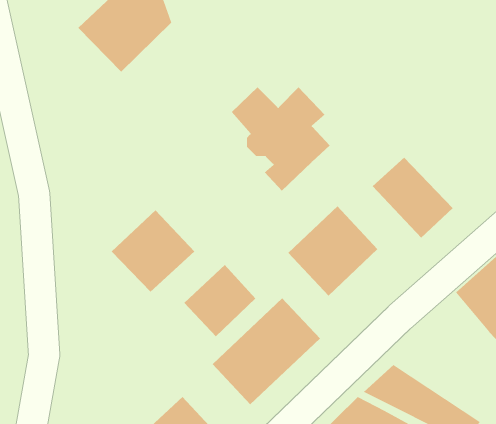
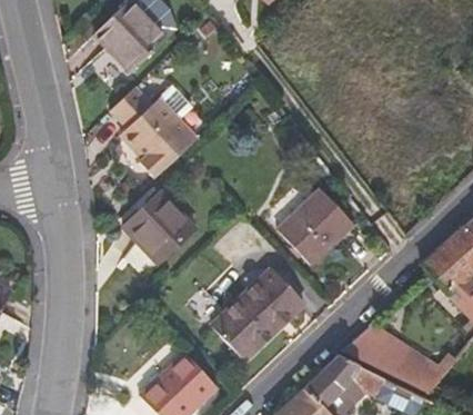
building: [231,87,331,192] -> [113,85,200,176]
building: [372,157,454,239] -> none
building: [184,264,256,337] -> none

